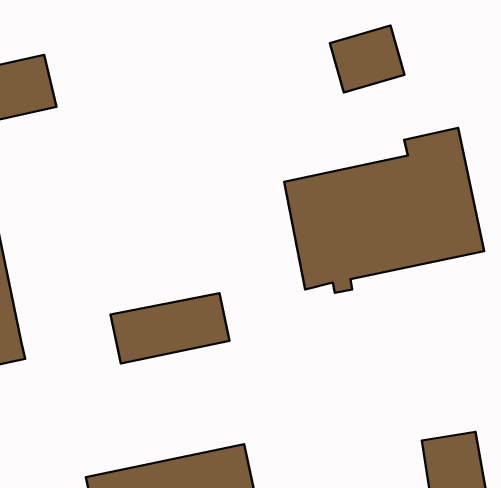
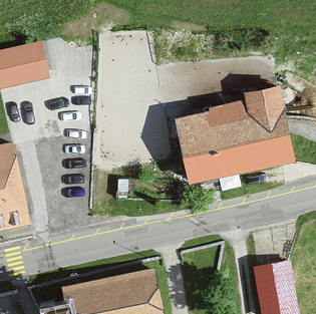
building: [330,26,404,92] -> none
building: [111,293,229,364] -> none

